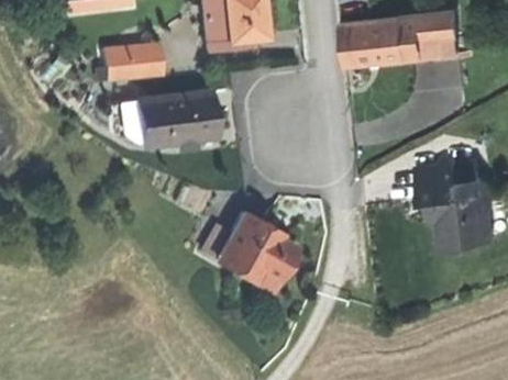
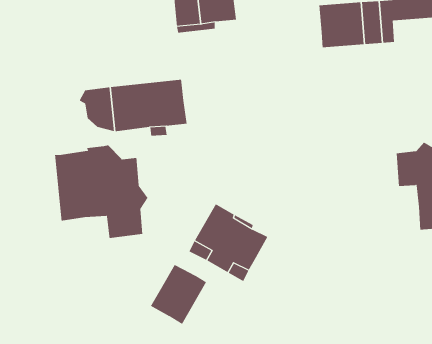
building: [104,46,163,83] -> none
building: none -> [54,145,148,239]
building: none -> [150,264,207,325]

